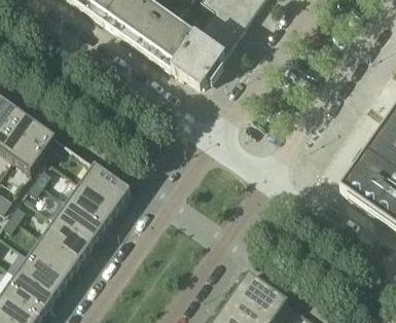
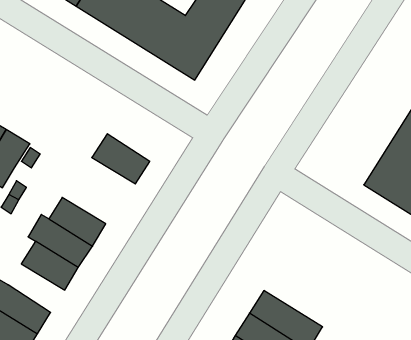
building: [82,163,132,207] -> [92,134,150,184]
building: [32,237,80,280] -> none

